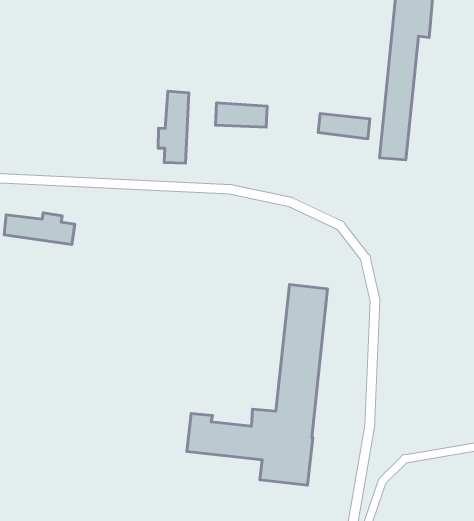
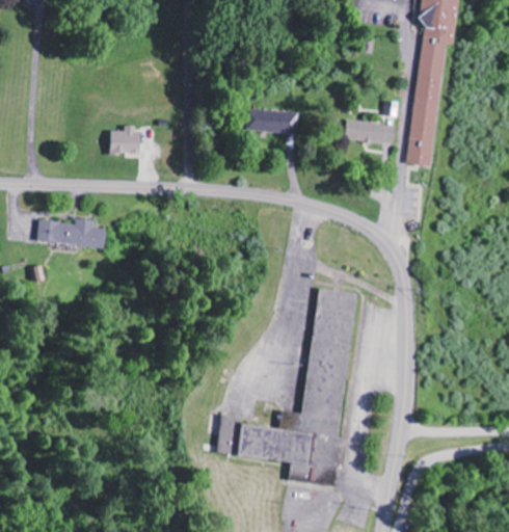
building: [158,91,189,163] -> none
building: none -> [111,125,139,153]

